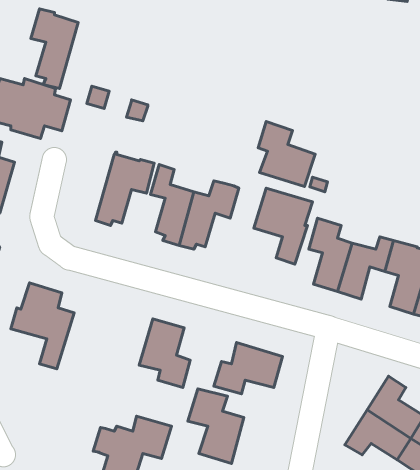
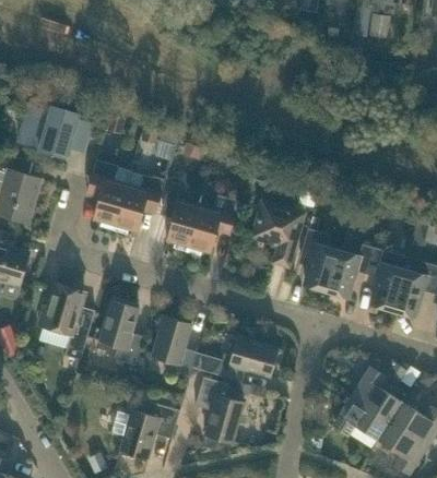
building: [31,9,78,88] -> [87,160,129,230]
building: [258,122,315,187] -> none
building: none -> [98,301,143,366]

